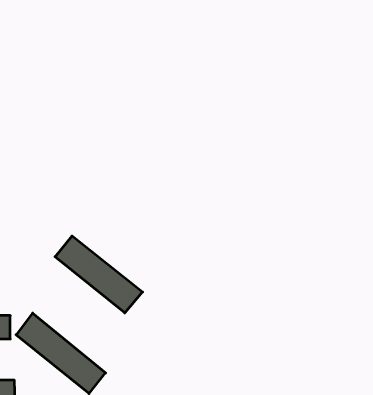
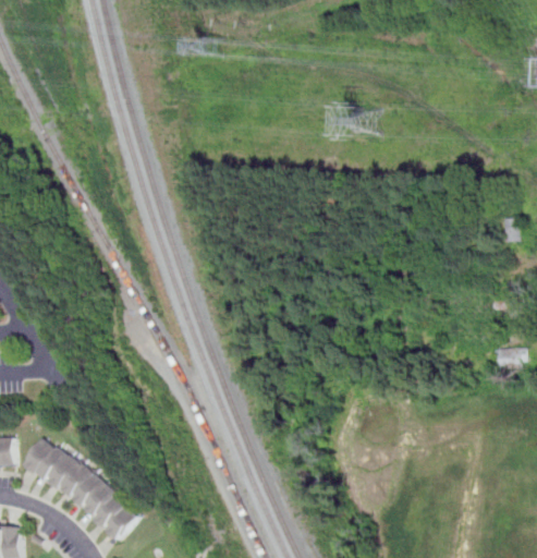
building: [55,236,143,313] -> none

